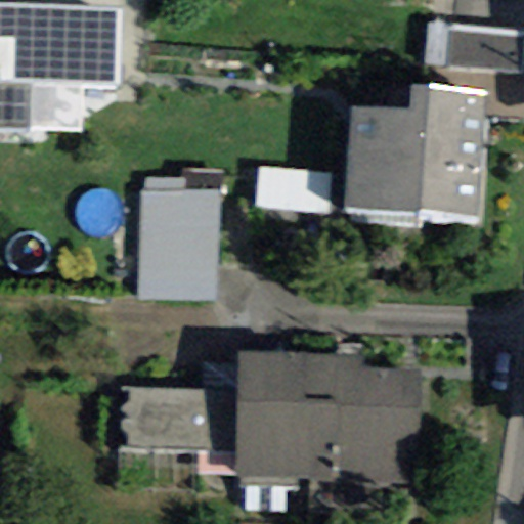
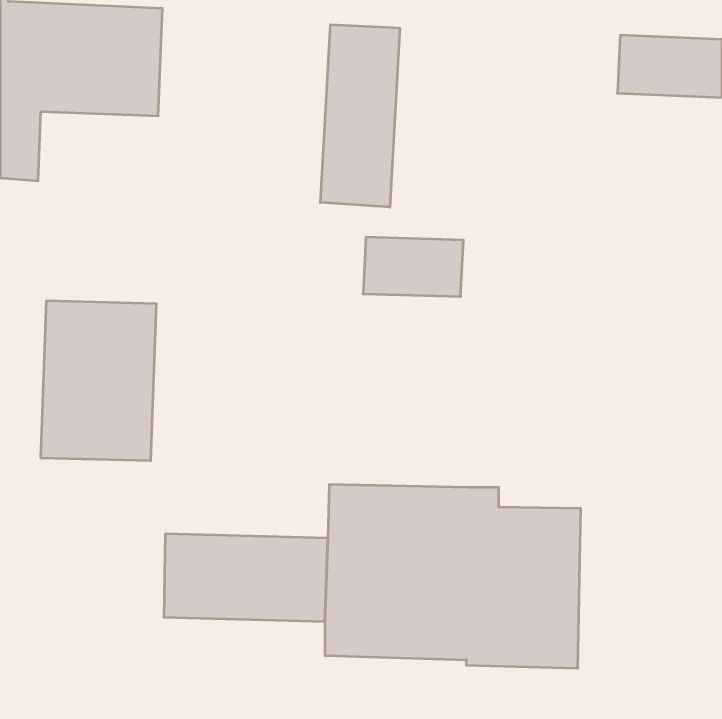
building: none -> [320,25,400,207]
building: [345,87,486,219] -> none
building: [135,186,219,302] -> [41,301,156,461]

